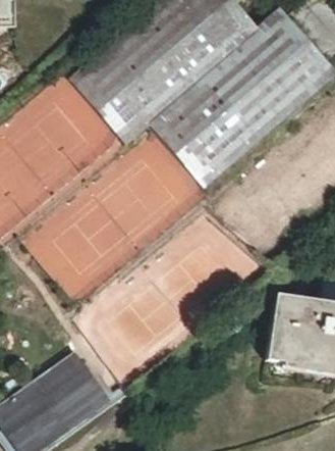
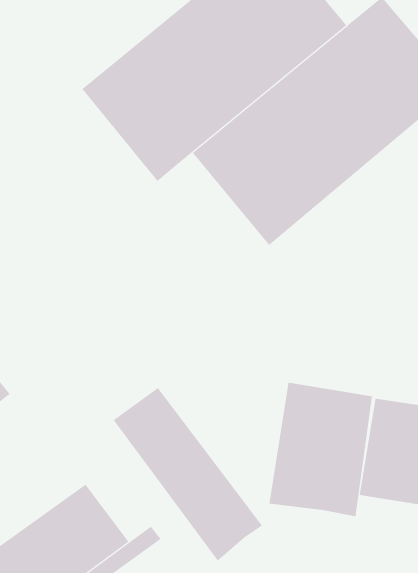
building: none -> [269,382,372,517]
building: none -> [113,387,263,561]

